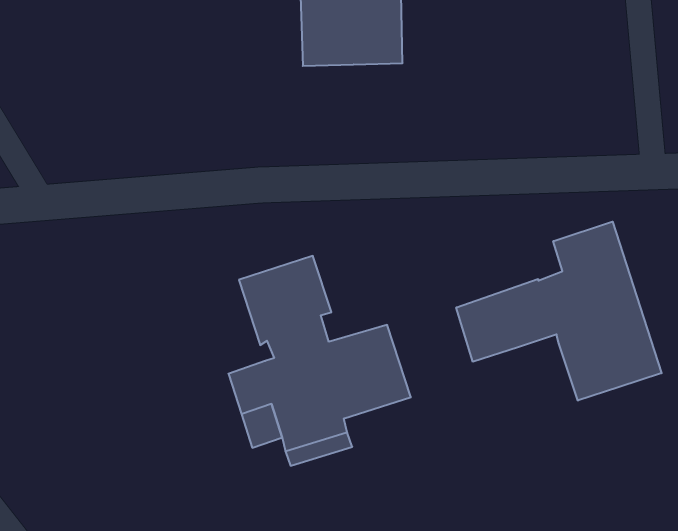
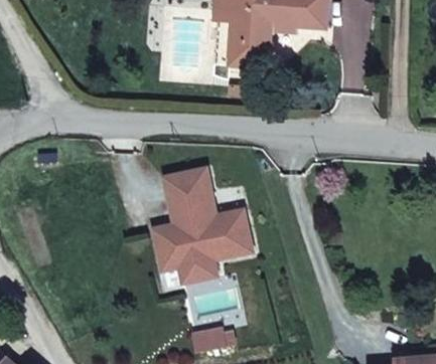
building: [456,222,662,401] -> none

